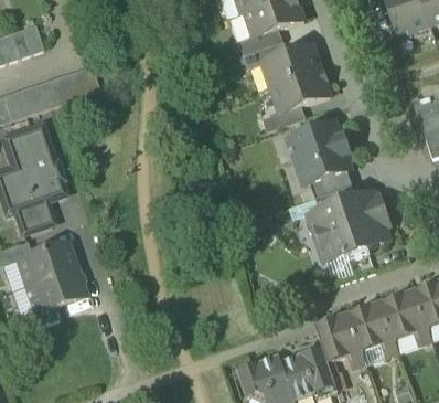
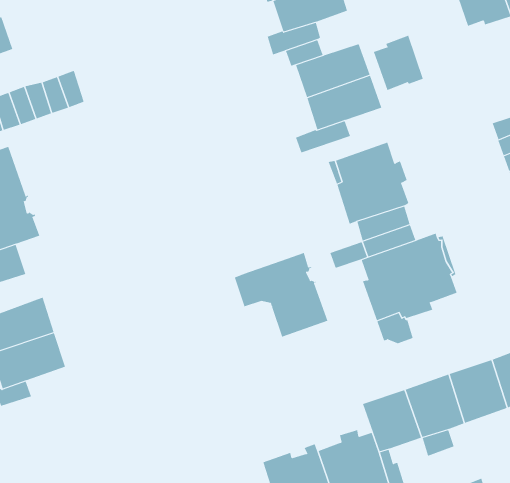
building: none -> [373,35,423,91]
building: none -> [234,252,328,338]

